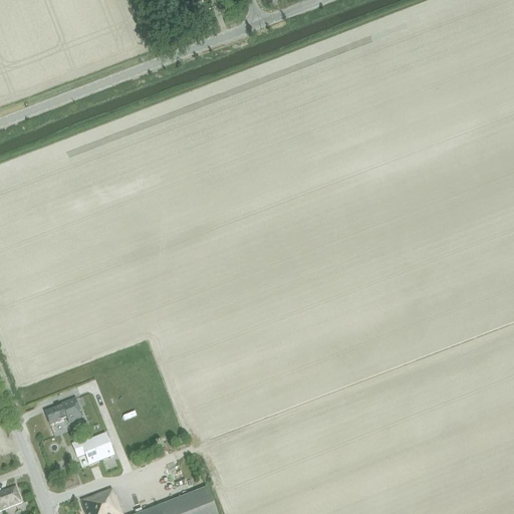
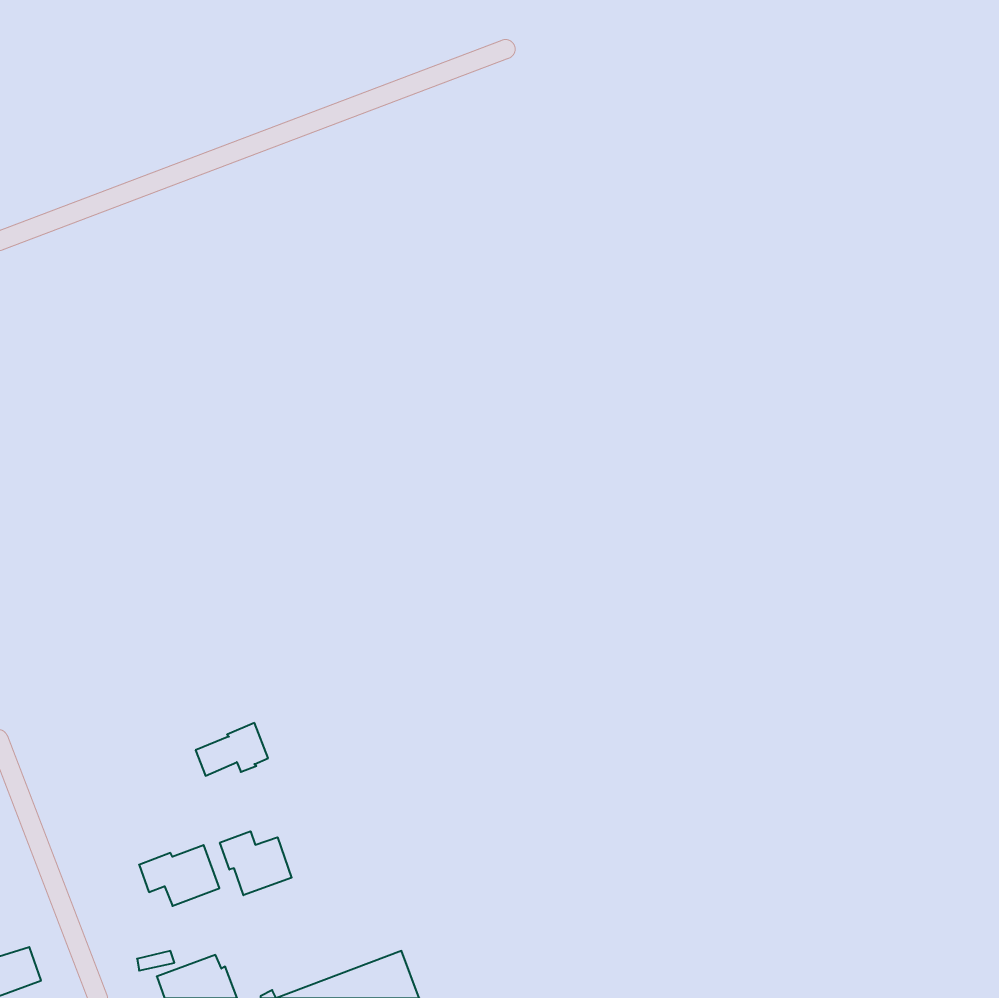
building: [44,398,81,425] -> [196,723,268,776]
building: none -> [220,831,292,895]

